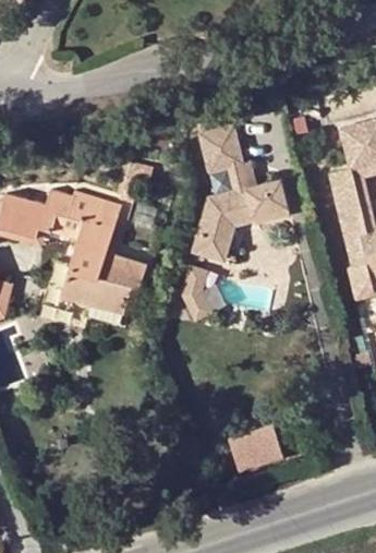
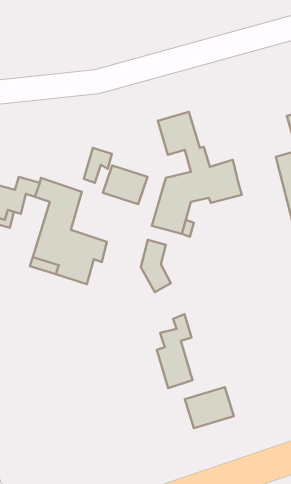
building: none -> [103,165,147,204]
building: none -> [157,314,193,388]

